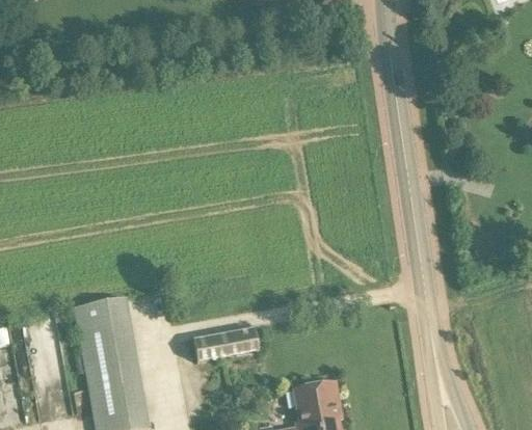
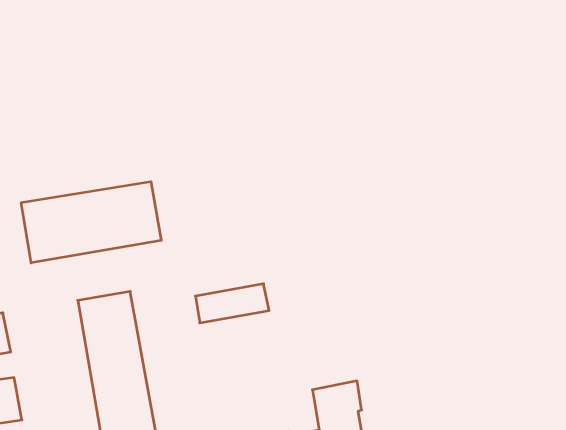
building: none -> [21,182,161,263]
building: [190,322,259,358] -> [195,284,269,323]

